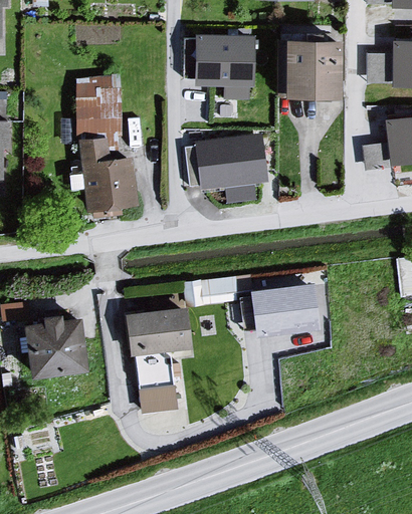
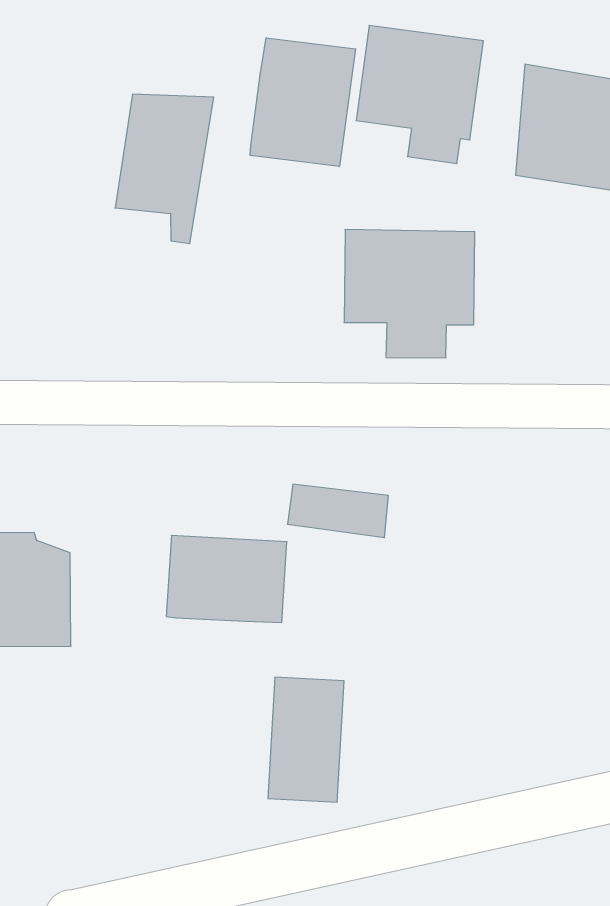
building: none -> [250,38,355,167]
building: [76,142,137,213] -> none
building: [252,277,321,333] -> none
building: [137,347,178,414] -> [268,677,344,802]

